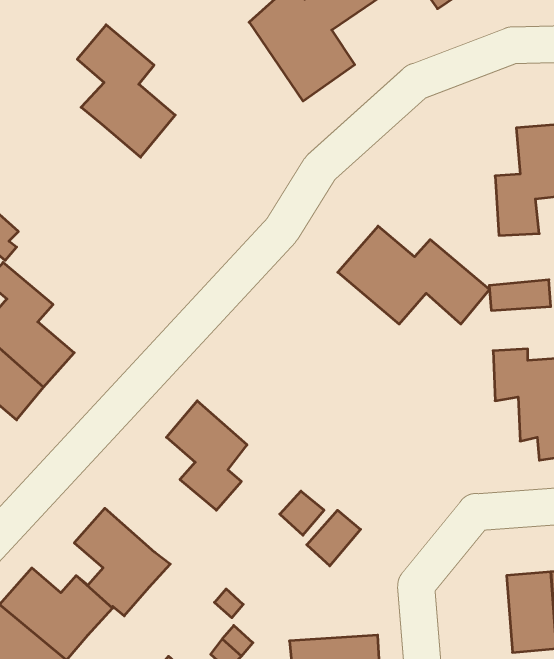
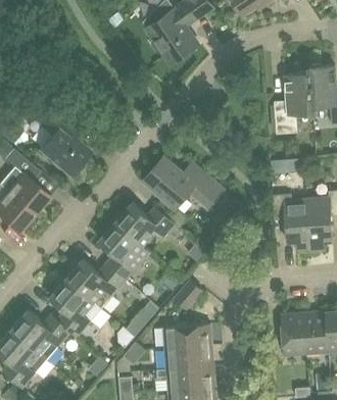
building: [77,25,175,157] -> [36,103,88,173]
building: [338,226,490,324] -> [142,156,223,208]
building: none -> [115,202,175,245]
building: none -> [66,259,126,308]
building: none -> [163,326,211,349]

